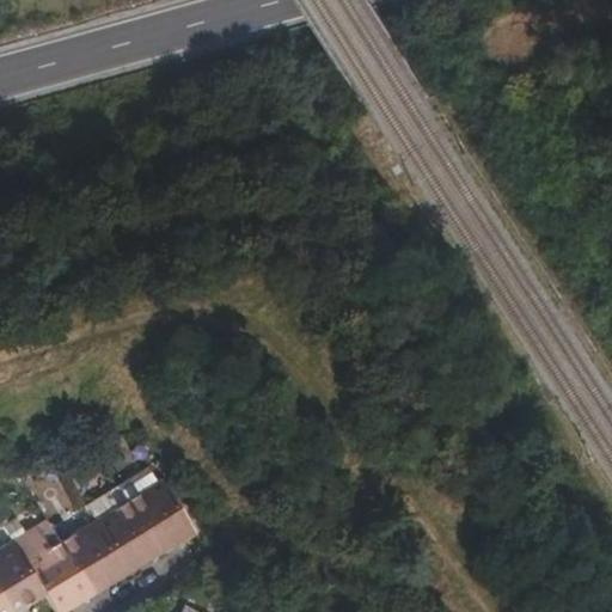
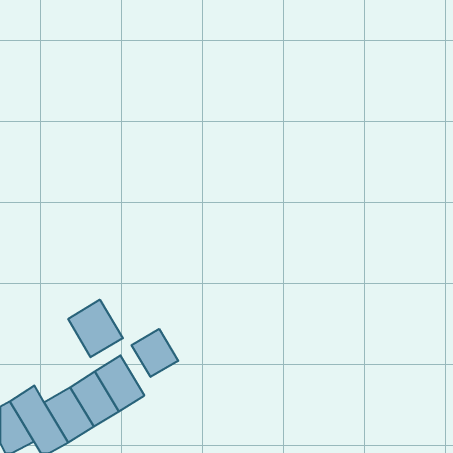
building: none -> [68,300,123,357]
building: none -> [132,329,178,377]

